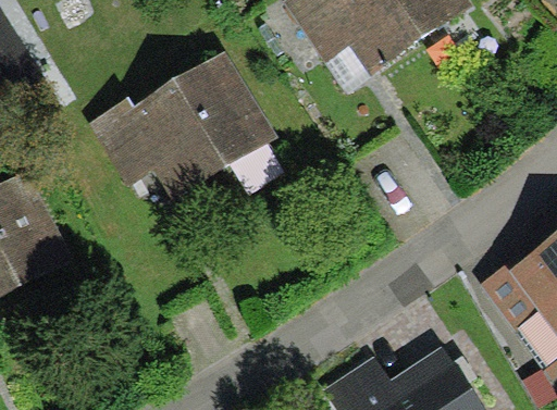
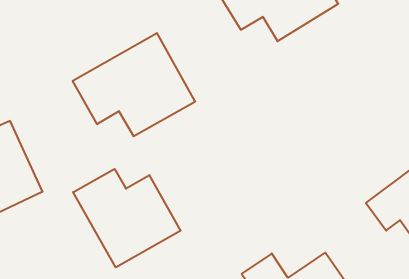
building: none -> [73,169,181,267]

